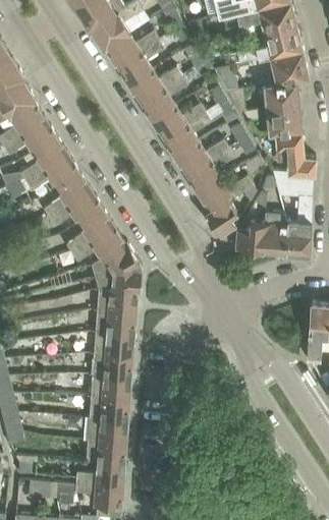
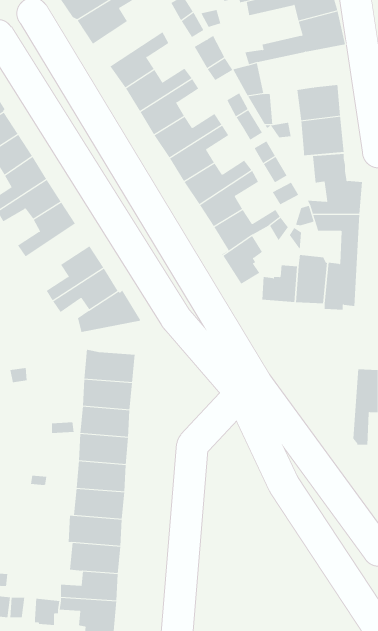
building: [103,30,158,65] -> none
building: [270,48,308,81] -> none
building: [50,188,101,223] -> none
building: [94,265,141,291] -> none

